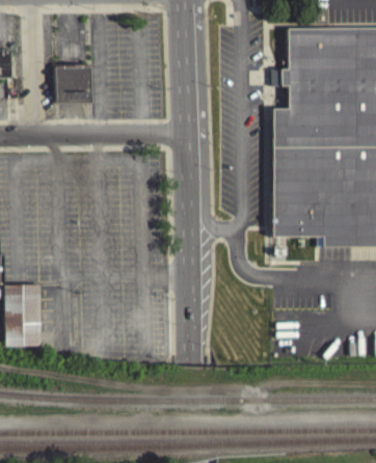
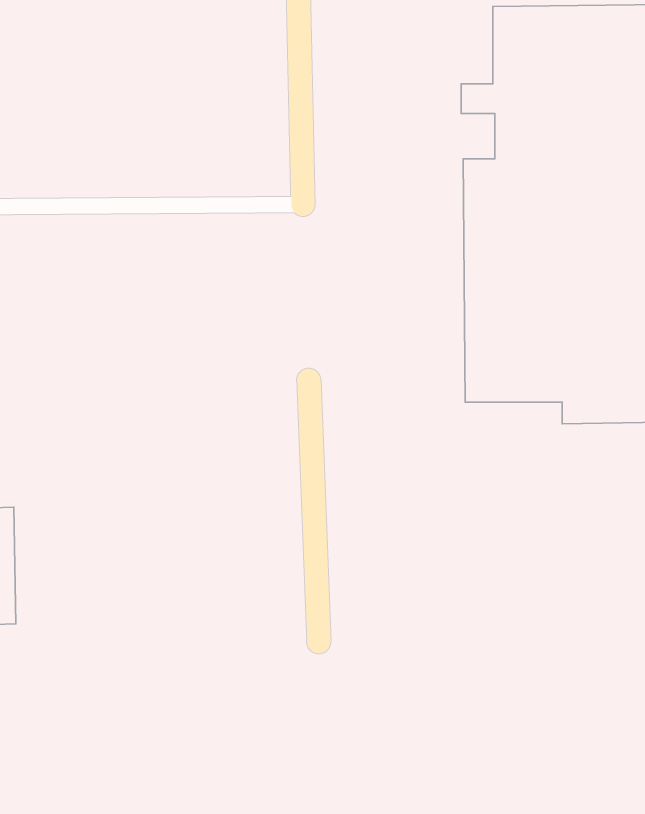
building: [55,62,91,101] -> none

